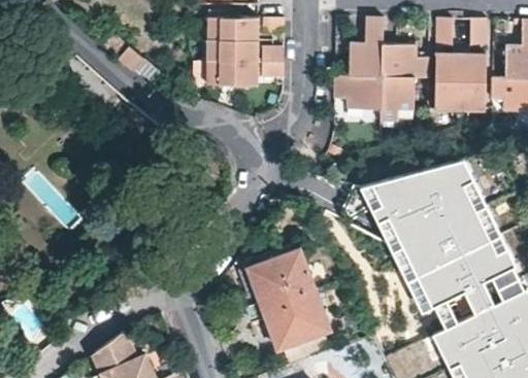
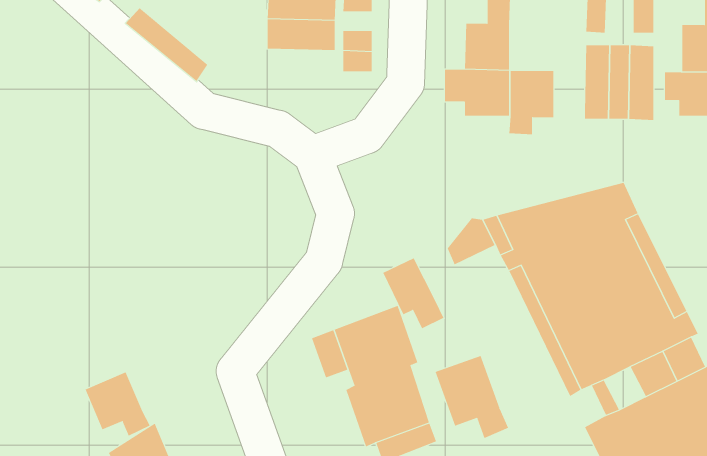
building: [382,45,428,78] -> none
building: [205,63,256,85] -> none
building: none -> [383,257,444,329]
building: none -> [435,355,509,439]
building: none -> [85,371,151,437]

